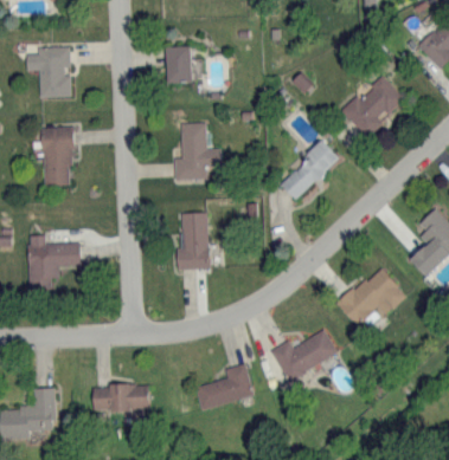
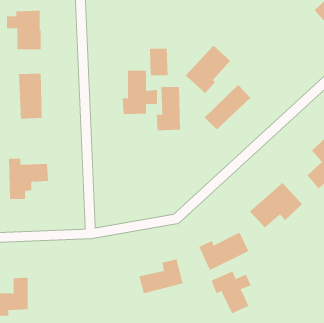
building: [167,46,192,82] -> [149,48,168,76]
building: [344,74,403,137] -> [185,45,231,94]
building: [177,213,209,270] -> [156,87,181,131]
building: none -> [211,271,252,314]
building: [92,384,149,410] -> none

